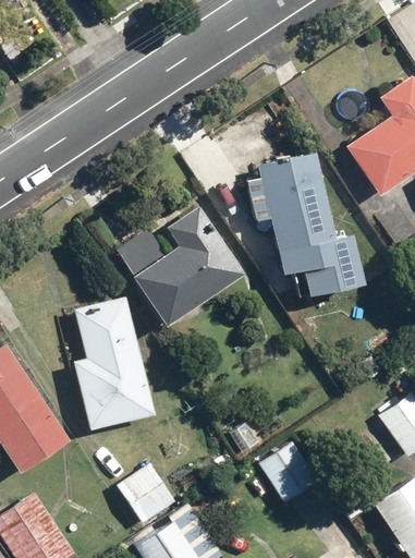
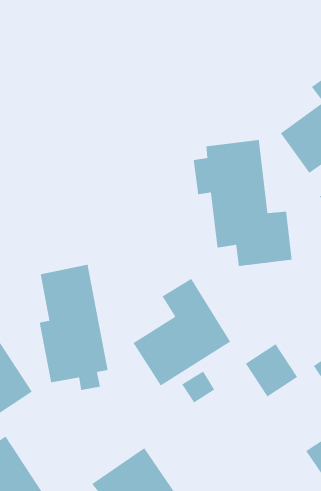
building: [130,205,241,327] -> [132,278,231,386]
building: [261,441,321,502] -> [245,343,298,397]
building: [120,462,181,523] -> none

